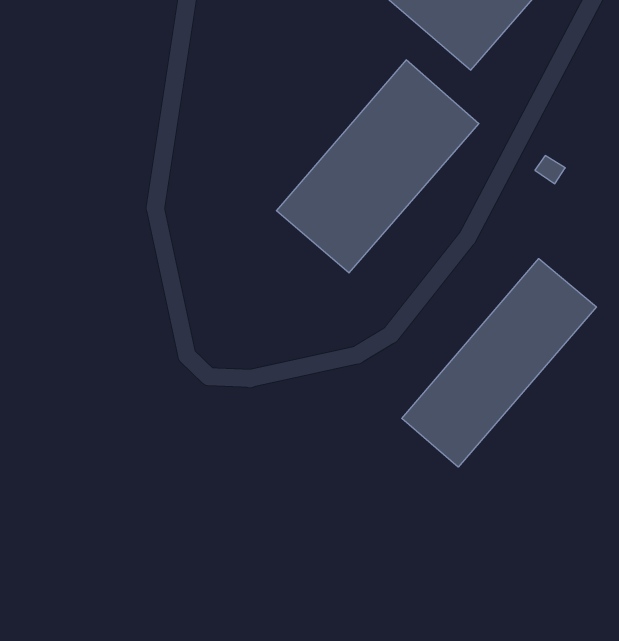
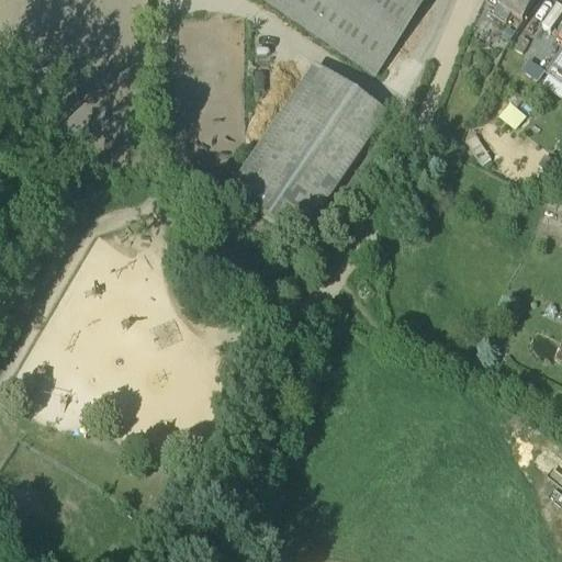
building: [402,259,596,467] -> none

